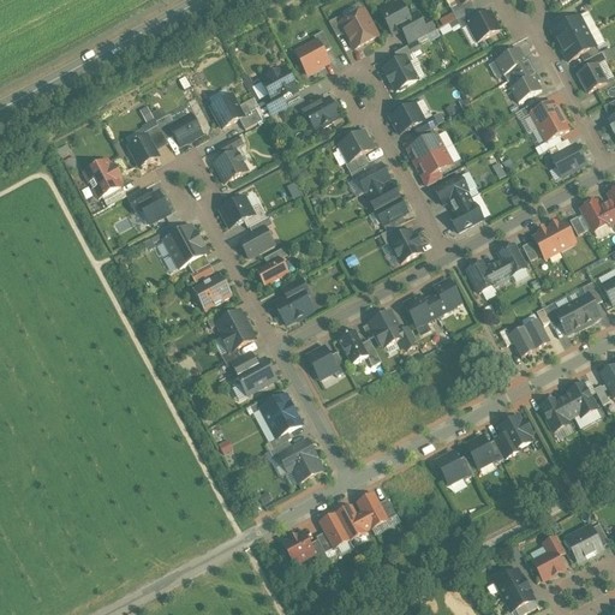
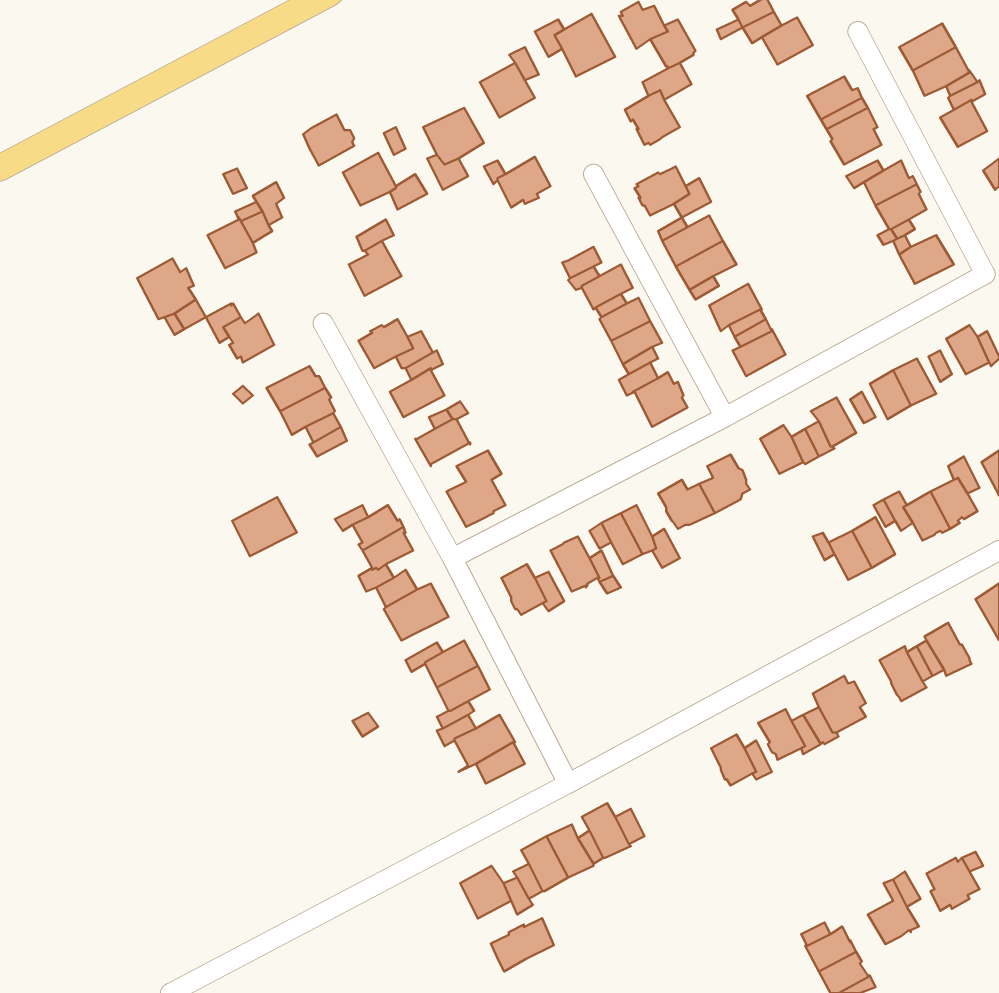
building: [169,113,201,144] -> [303,115,354,166]
building: [339,130,372,160] -> none
building: [192,273,232,309] -> [232,497,297,556]
building: none -> [491,918,554,971]

